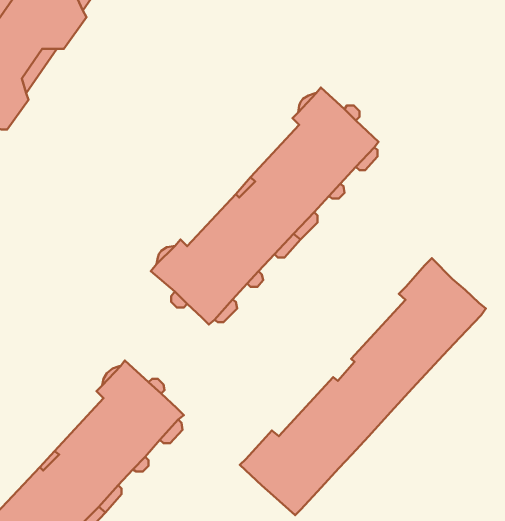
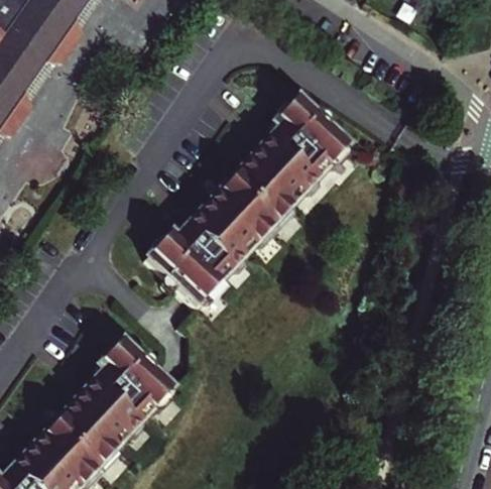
building: [240,258,486,515] -> none

